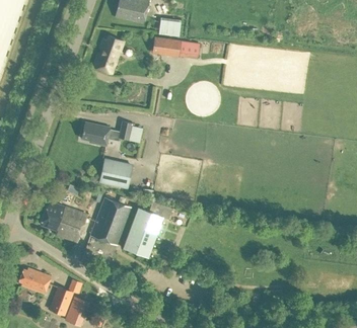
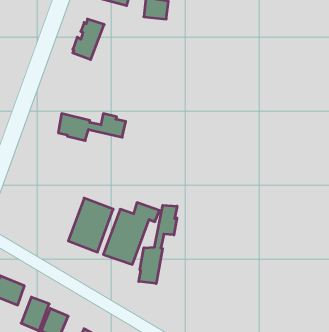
building: [151,35,199,59] -> none
building: [98,158,132,188] -> none
building: [41,200,87,242] -> none
building: none -> [139,205,177,284]

